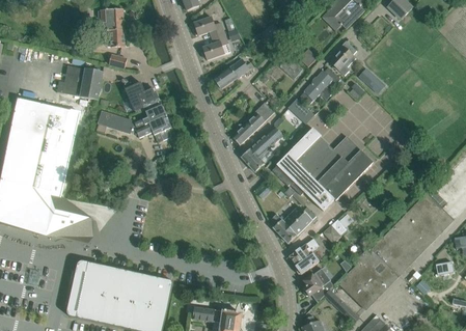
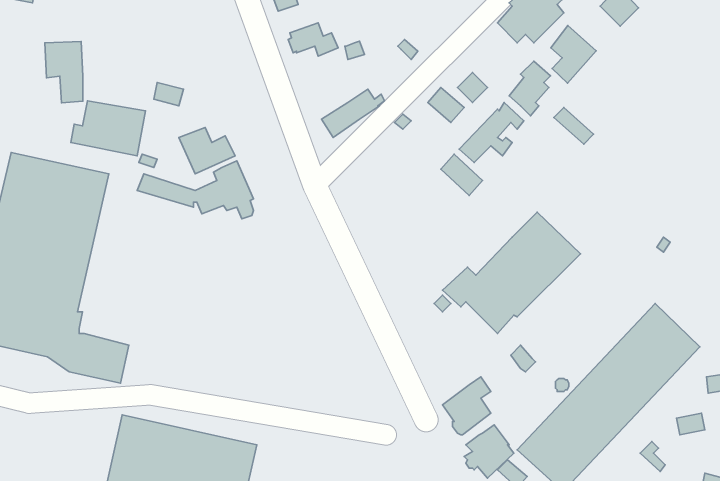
building: [100,8,124,47] -> [45,41,83,103]
building: none -> [551,26,596,83]
building: [199,32,230,59] -> none
building: [231,102,274,144] -> none
building: [241,127,281,171] -> none
building: [272,129,332,185] -> none
building: [270,204,316,243] -> none

